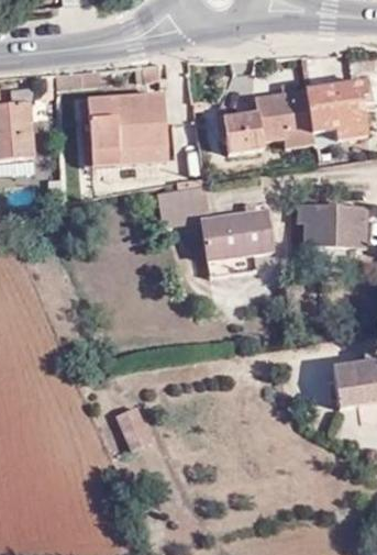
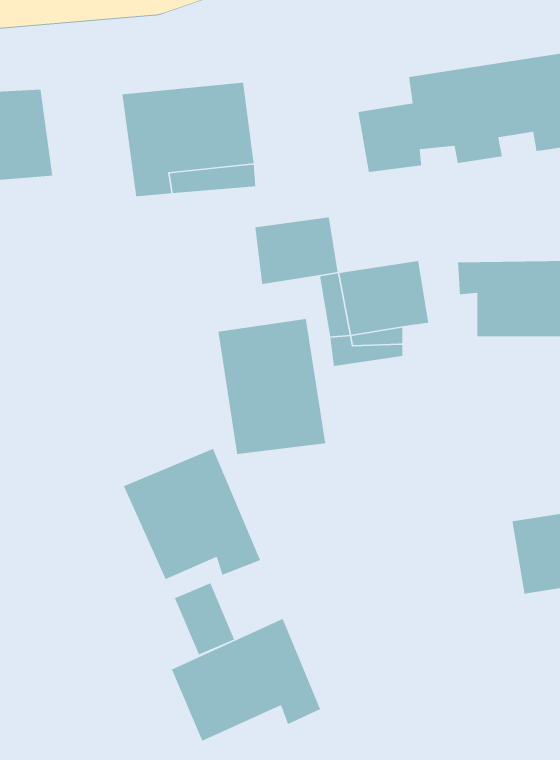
building: none -> [217,318,326,455]
building: none -> [123,448,261,580]
building: none -> [171,618,321,742]

